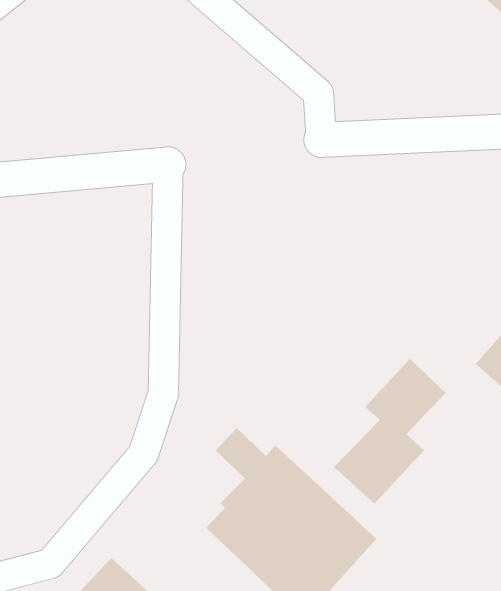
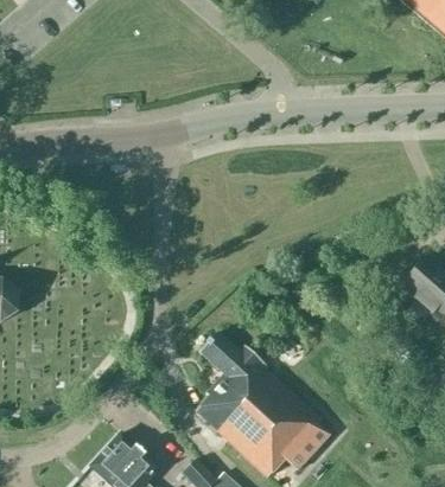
building: [333,358,446,504] -> none

